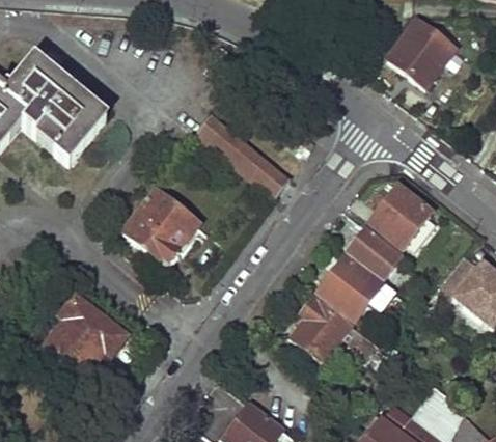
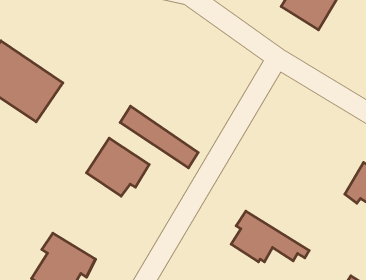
building: [196,110,287,193] -> [120,106,198,168]
building: [368,186,431,248] -> none
building: [347,227,401,278] -> none
building: [315,254,380,319] -> none

